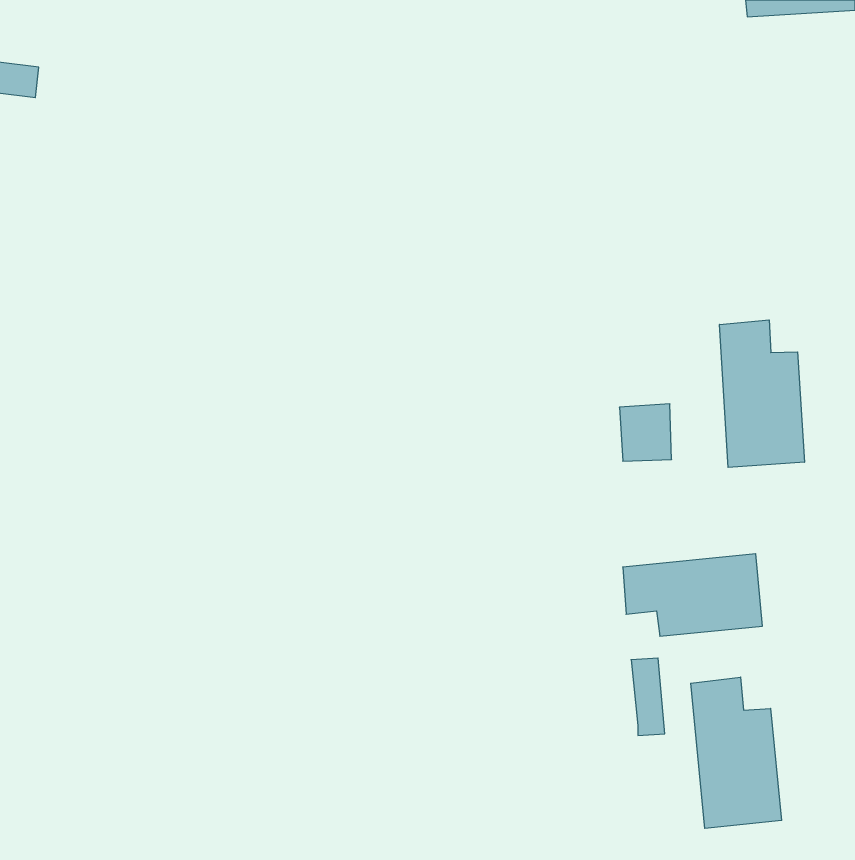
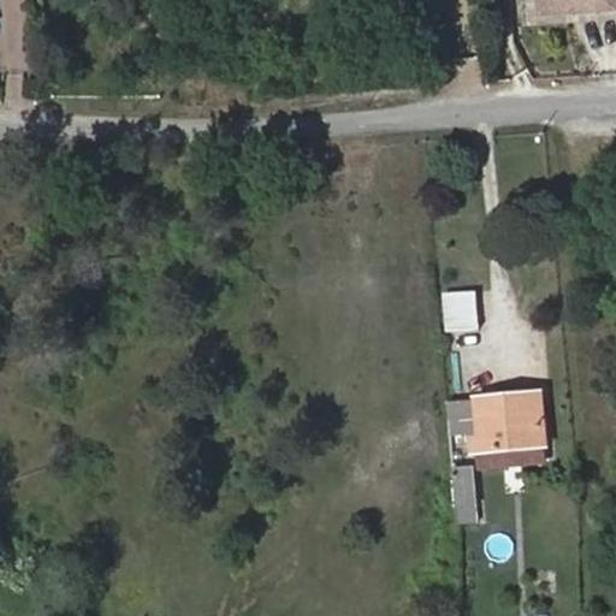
building: [720,320,804,467] -> none
building: [691,677,782,828] -> none

